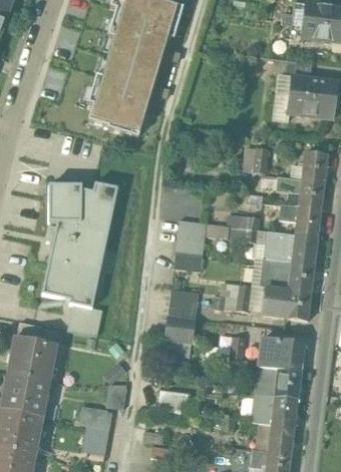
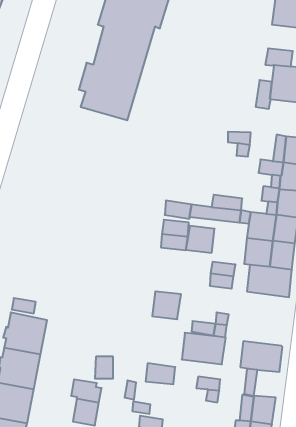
building: [41,183,117,309] -> none
building: [167,290,198,318] -> [186,226,215,253]
building: [259,339,305,372] -> [182,333,226,364]
building: [271,397,298,426] -> none

